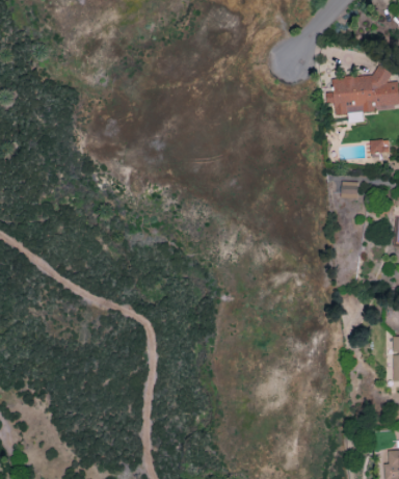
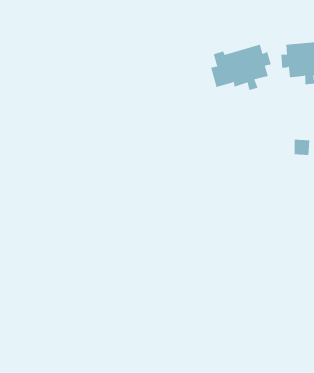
building: none -> [211,44,272,91]

